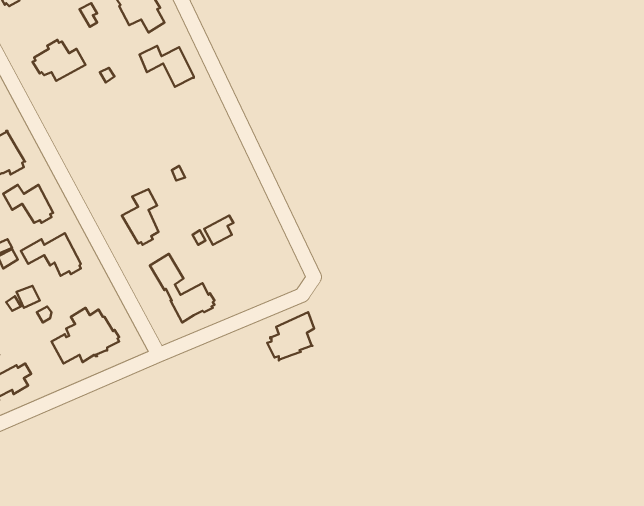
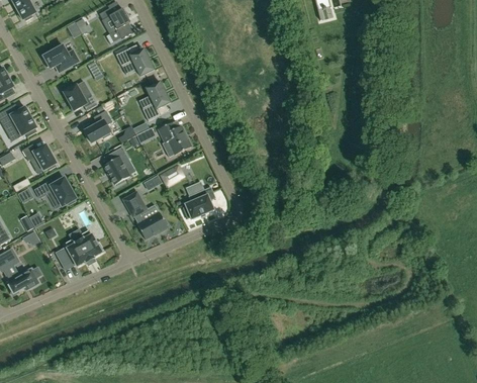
building: none -> [141,81,169,120]
building: none -> [63,84,96,110]
building: none -> [84,110,111,142]
building: none -> [158,121,190,155]
building: [267,312,314,361] -> [182,186,214,219]

